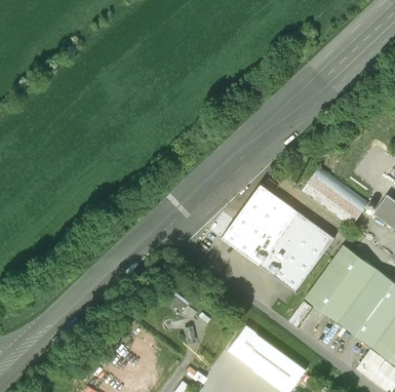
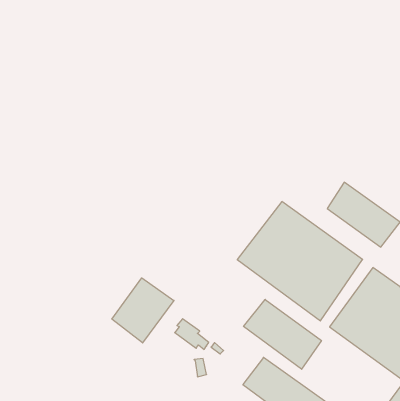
building: none -> [112,278,174,343]
building: none -> [244,299,321,369]

